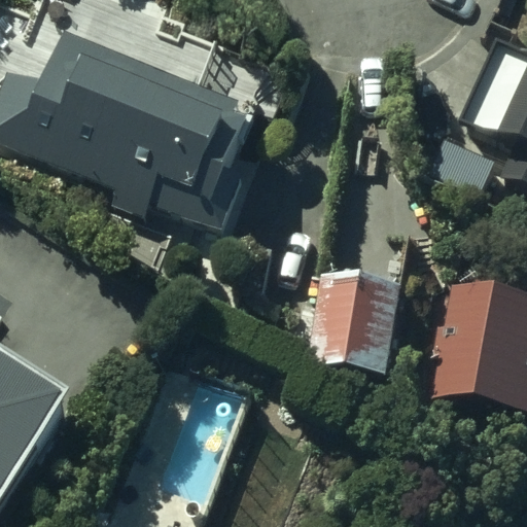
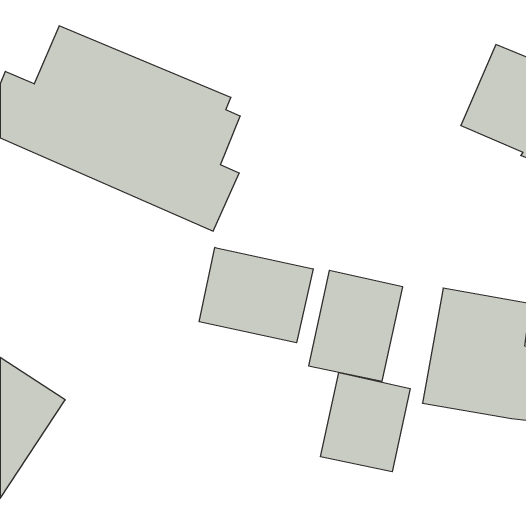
building: none -> [199,247,313,343]
building: none -> [321,373,410,472]

